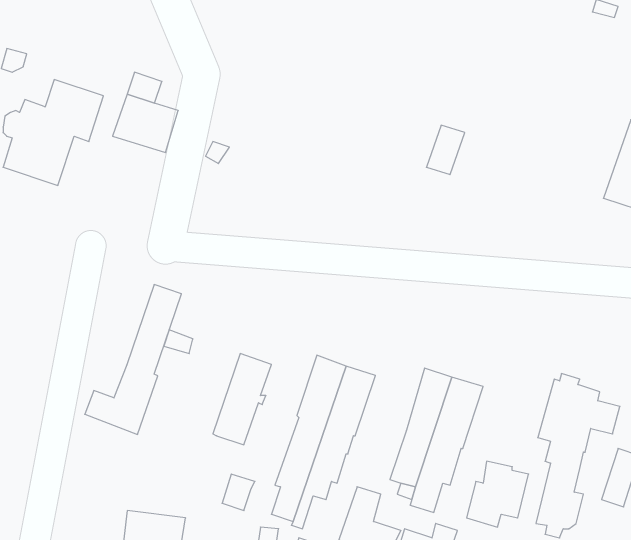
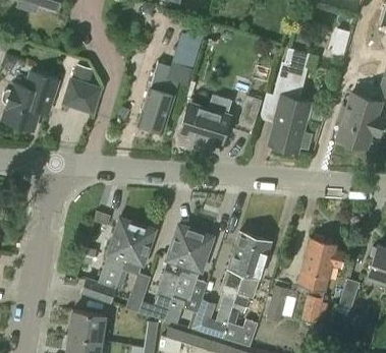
building: none -> [137,39,200,132]
building: none -> [271,48,313,152]
building: none -> [180,97,231,146]
building: [85,285,181,434] -> [81,220,135,303]

